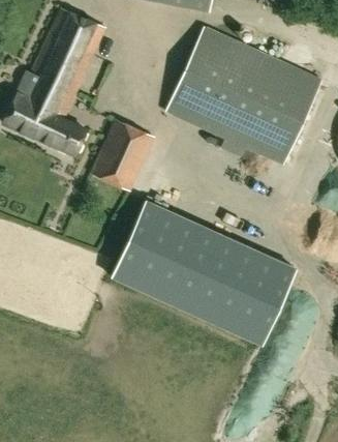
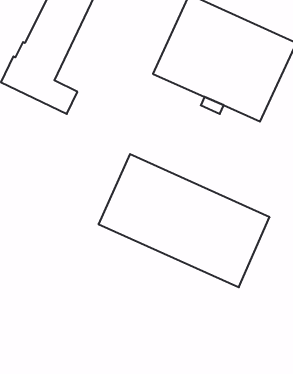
building: [88,118,155,193] -> none

